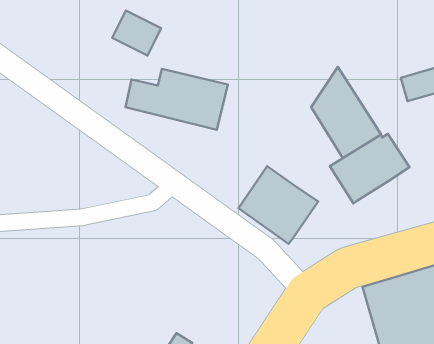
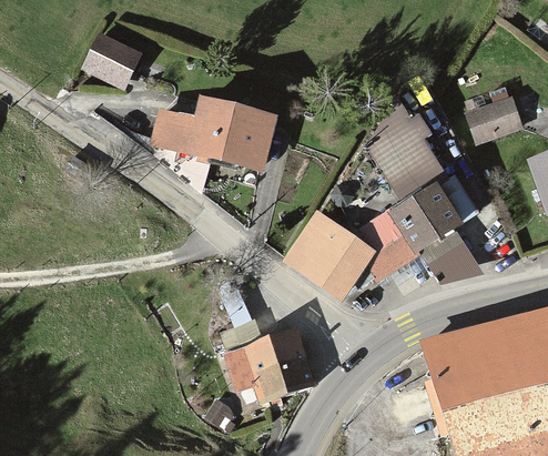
building: [112,10,161,56] -> [83,33,139,84]
building: none -> [346,211,415,293]
building: none -> [419,227,484,282]
building: none -> [226,334,309,399]

